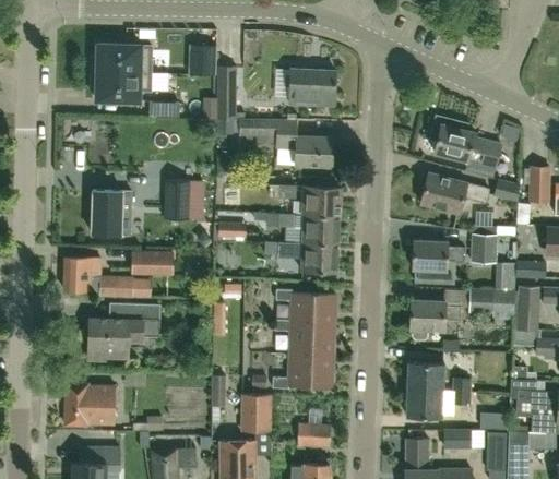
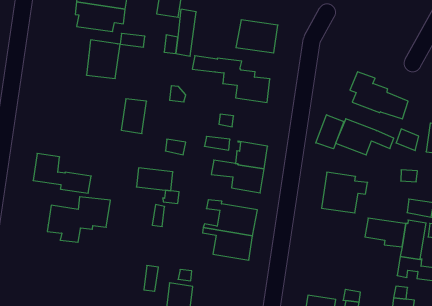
building: none -> [316,115,344,149]
building: [304,185,341,217] -> none
building: [94,191,130,233] -> [86,40,120,78]
building: [469,233,497,263] -> none
building: [131,252,173,275] -> [136,168,173,191]
building: [411,299,461,339] -> none
building: [272,354,333,388] -> none
building: [408,363,444,391] -> none
building: [64,383,117,427] -> none

